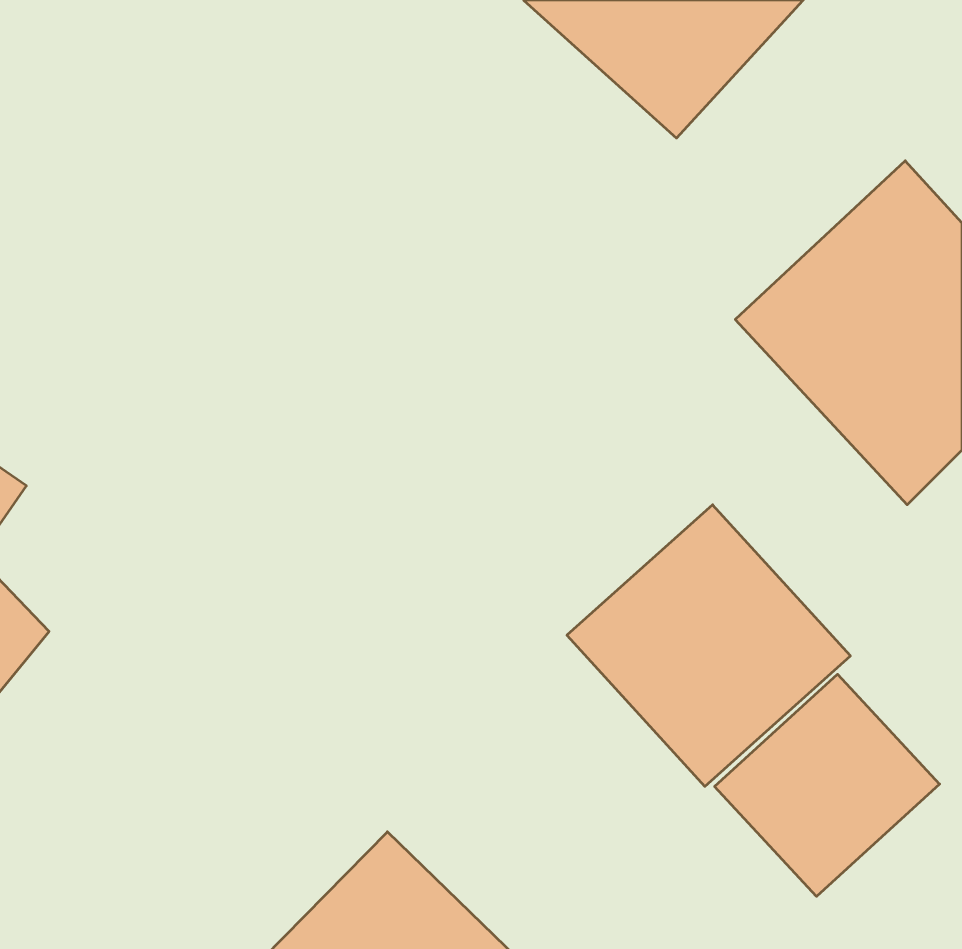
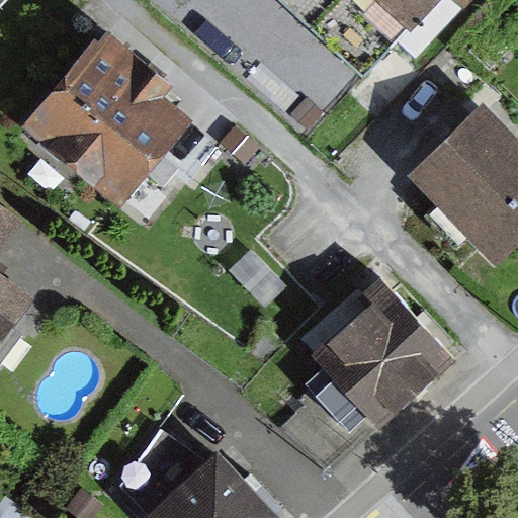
building: none -> [19,20,205,205]
building: [715,674,940,896] -> none

